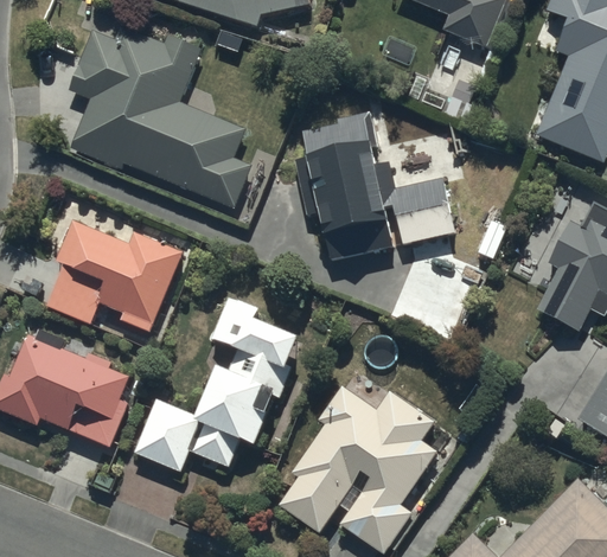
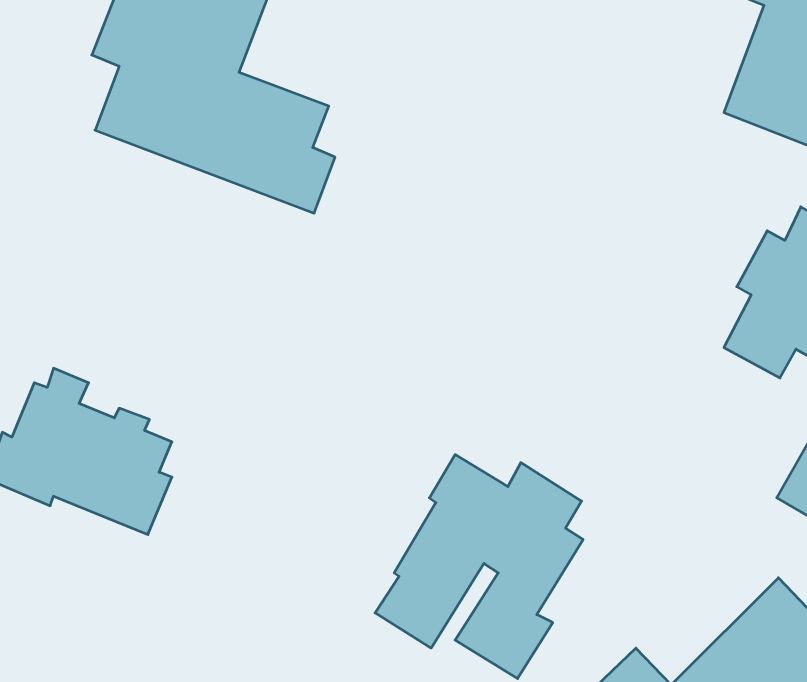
building: [295,110,458,258] -> none
building: [46,219,185,331] -> none
building: [135,294,298,470] -> none

